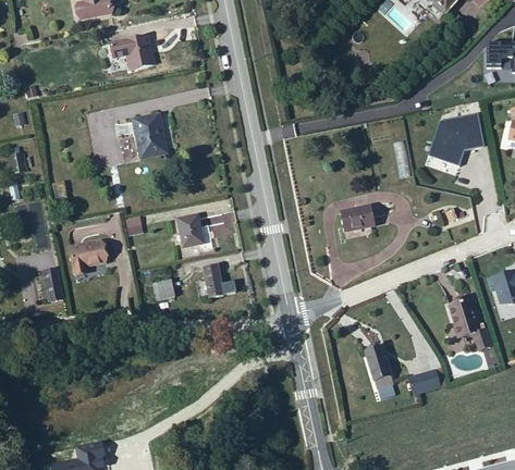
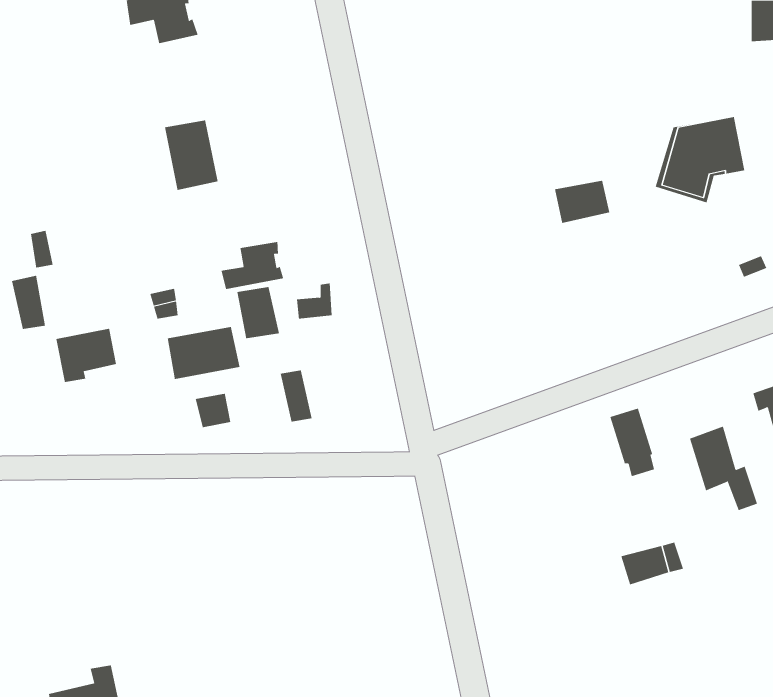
building: none -> [221,241,284,290]
building: [340,206,373,232] -> [554,180,610,223]
building: none -> [167,326,240,380]
building: [41,269,62,301] -> [11,275,46,330]
building: [364,347,391,388] -> [610,408,655,477]

